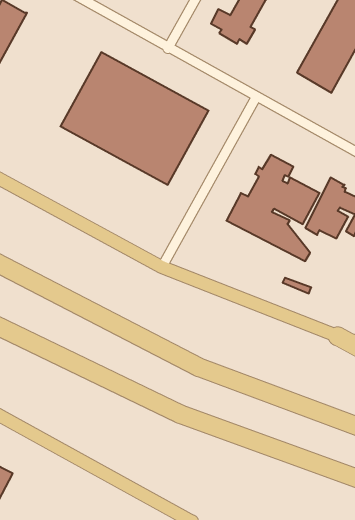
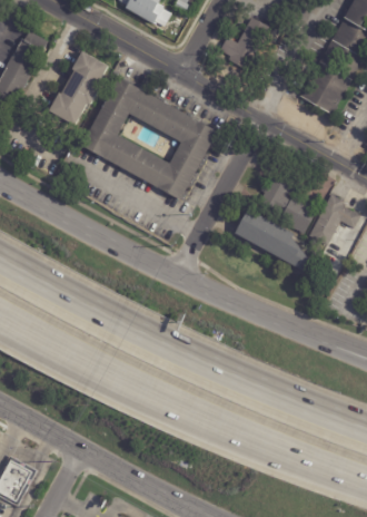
building: none -> [49,50,108,125]

